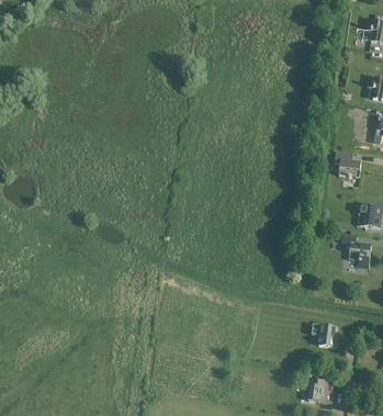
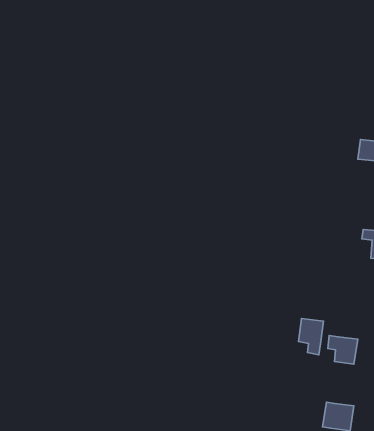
building: none -> [298,319,324,355]

